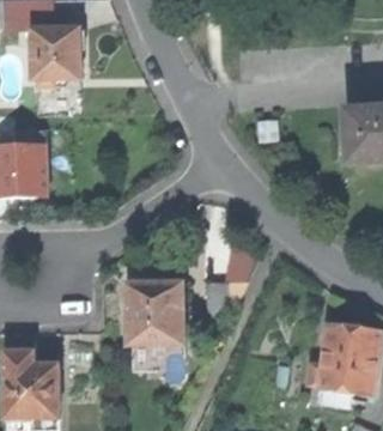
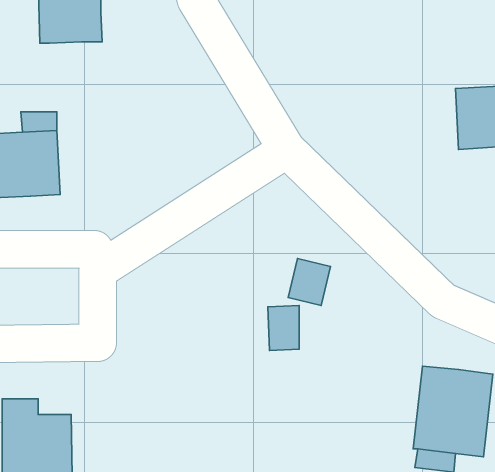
building: [128,279,184,341] -> none

